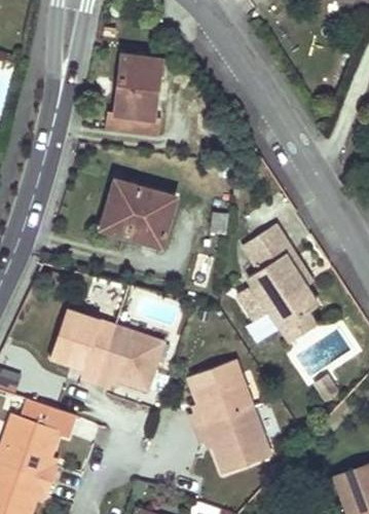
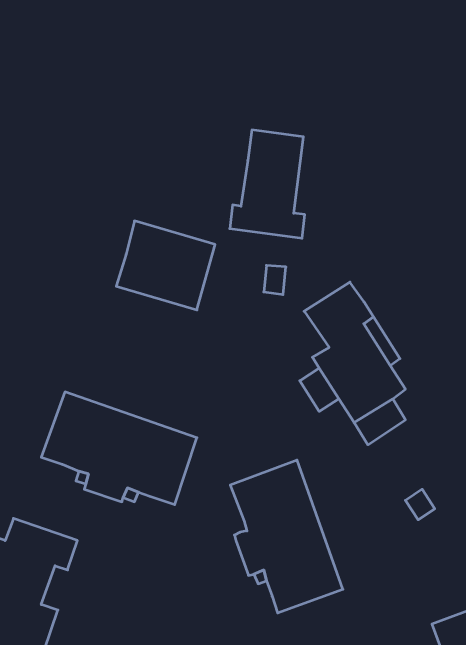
building: [106,56,161,136] -> [230,130,305,238]

